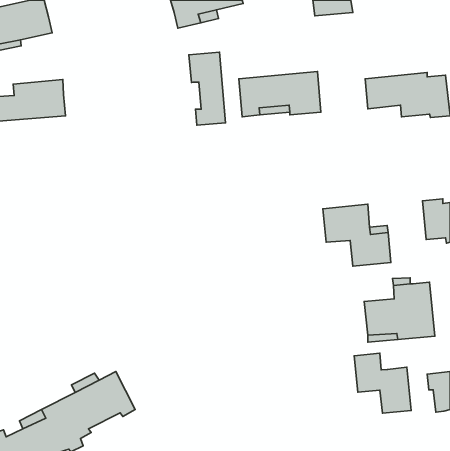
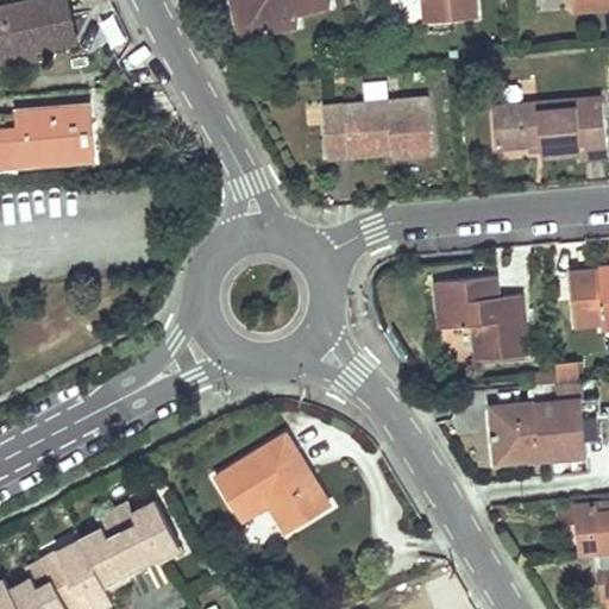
building: [189,52,226,125] -> none
building: none -> [214,434,328,528]
building: [354,353,411,413] -> none

